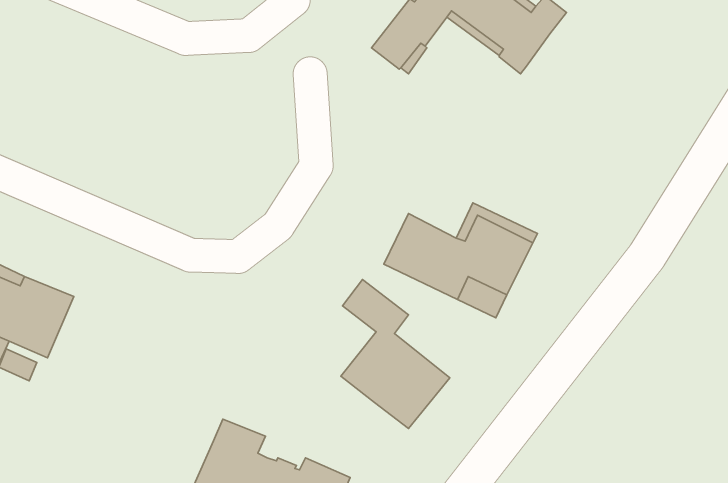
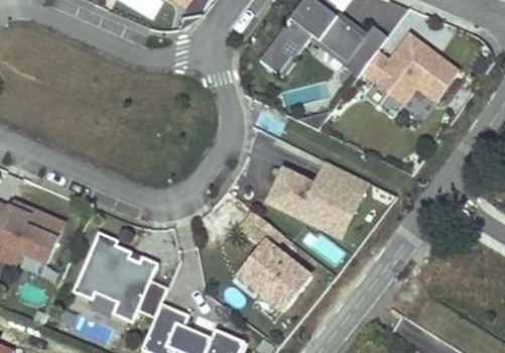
building: none -> [362,33,460,102]
building: none -> [74,231,168,322]

